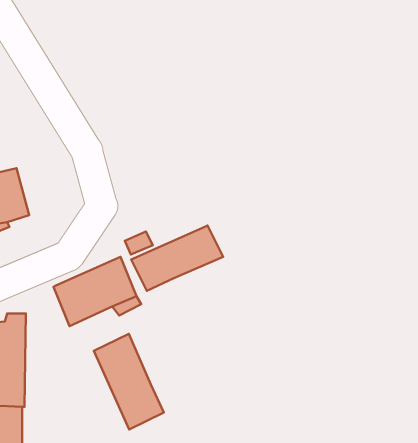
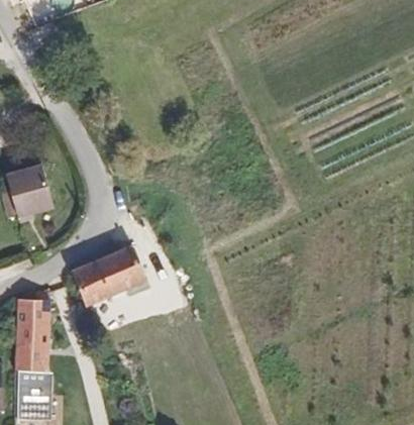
building: [131,226,223,291] -> none
building: [94,334,164,430] -> none

